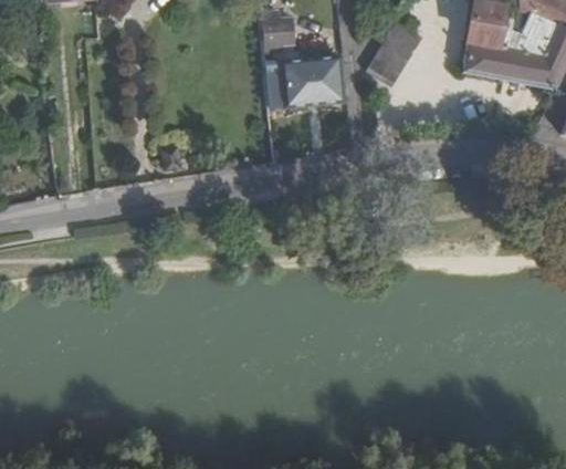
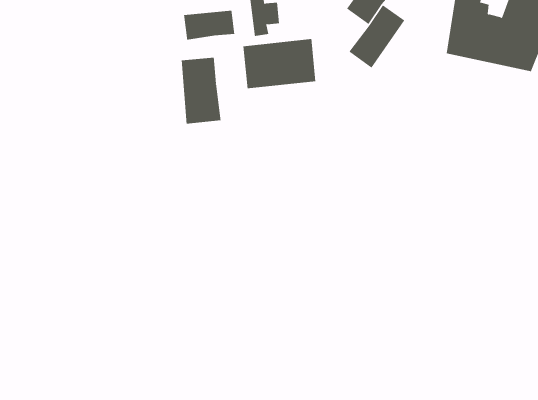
building: none -> [183,10,235,40]
building: none -> [181,57,221,125]

